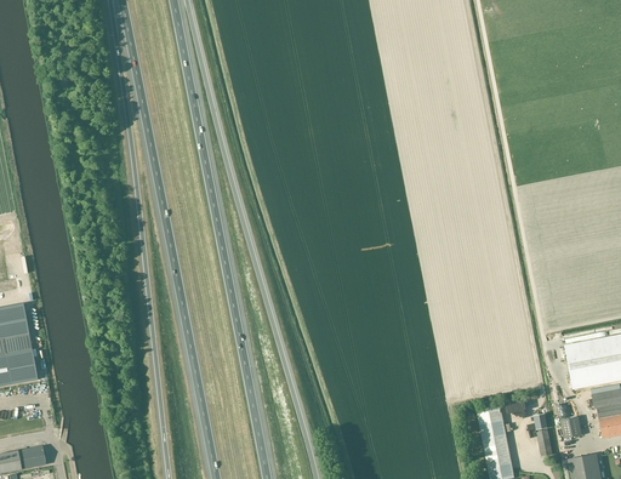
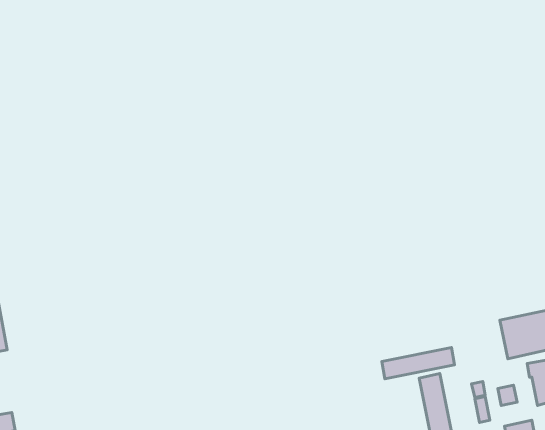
building: none -> [382,347,455,379]

